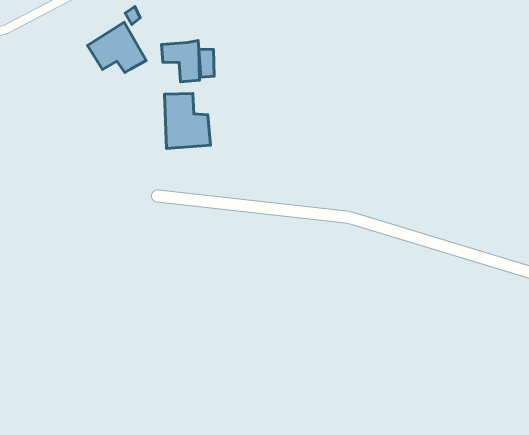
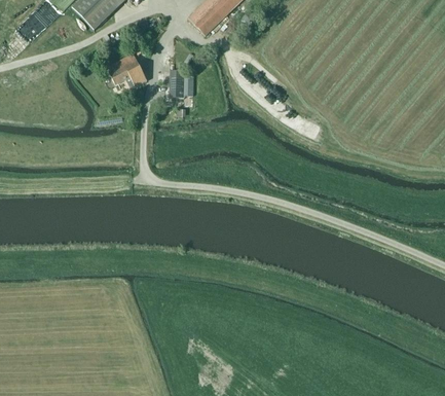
building: [164,93,210,148] -> none

